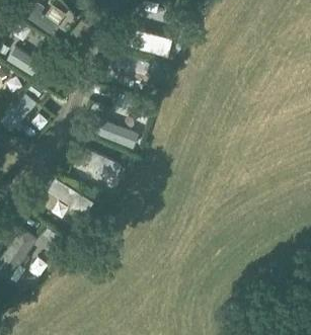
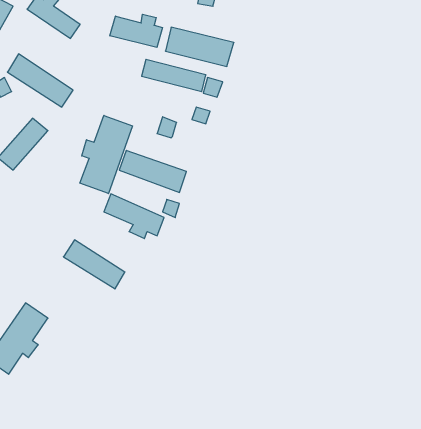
building: none -> [110,14,163,47]
building: none -> [80,115,133,194]

